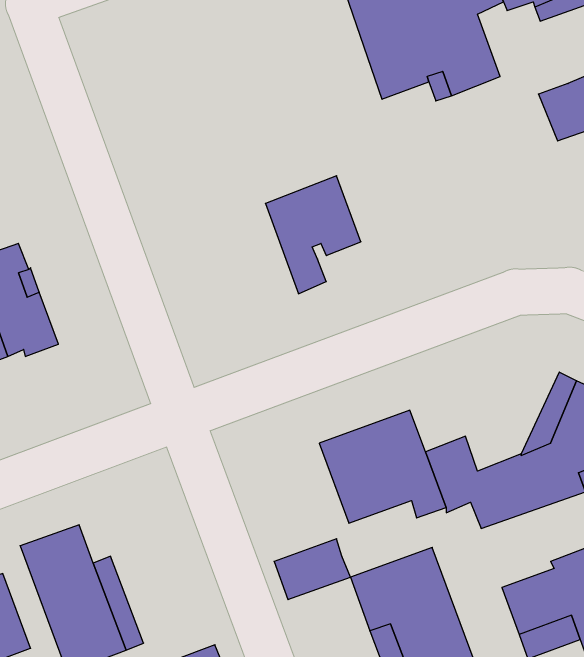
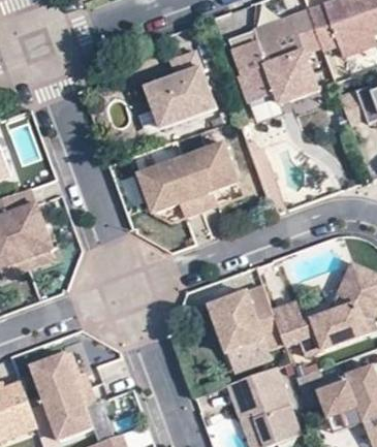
building: none -> [143,53,214,129]
building: none -> [133,163,196,222]
building: [274,539,351,600] -> [226,340,272,376]

